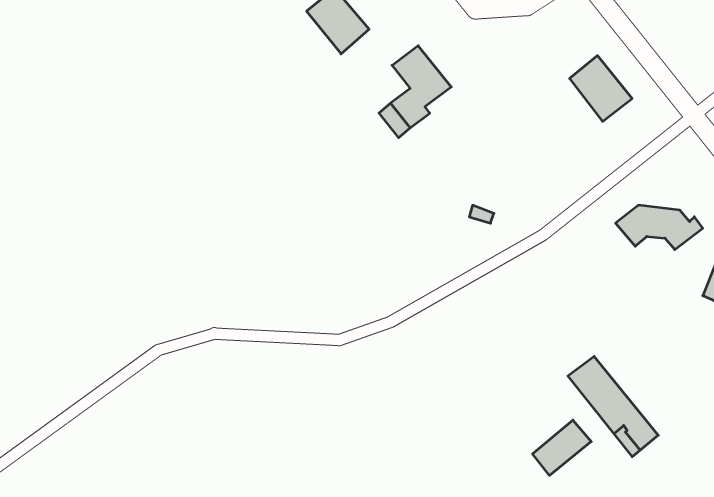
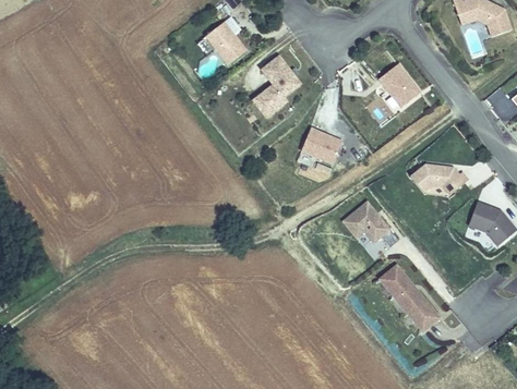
building: none -> [302,129,342,166]
building: none -> [342,199,398,245]
building: [533,420,591,475] -> none

